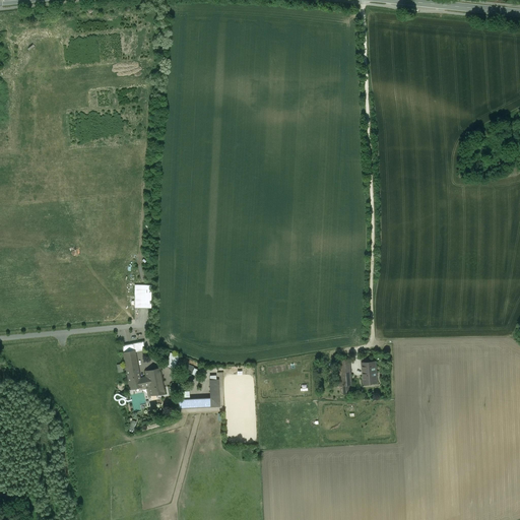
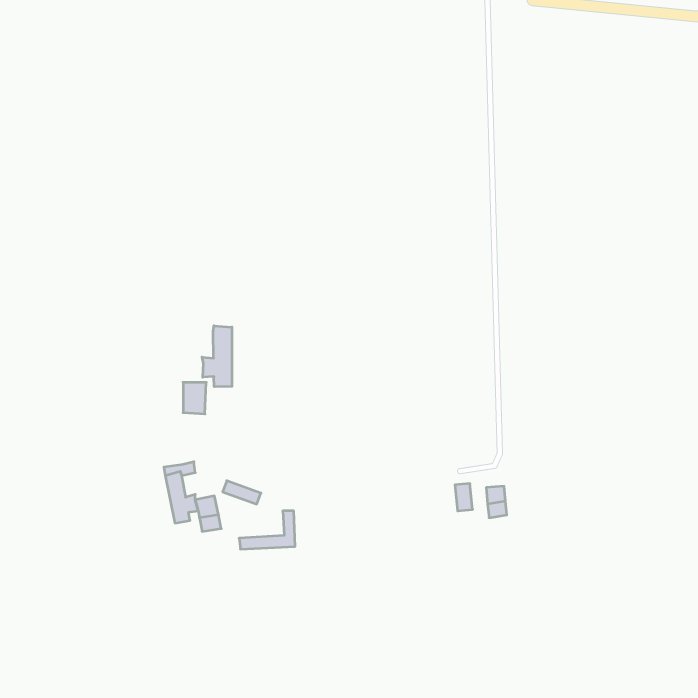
building: none -> [202,326,232,387]

